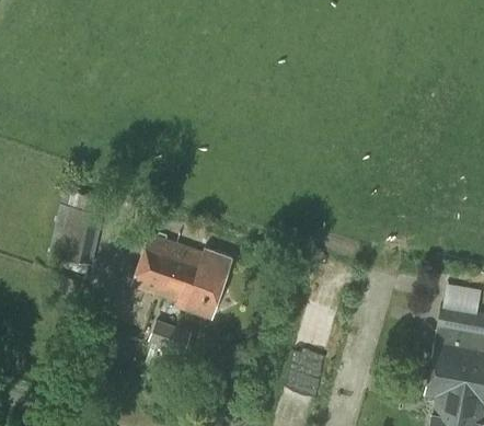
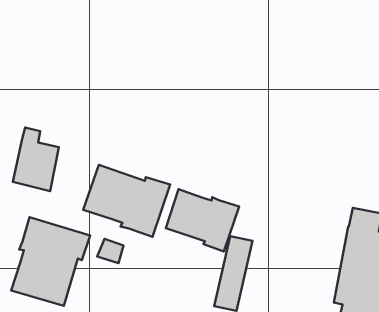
building: none -> [166,189,239,252]
building: none -> [11,217,90,306]

